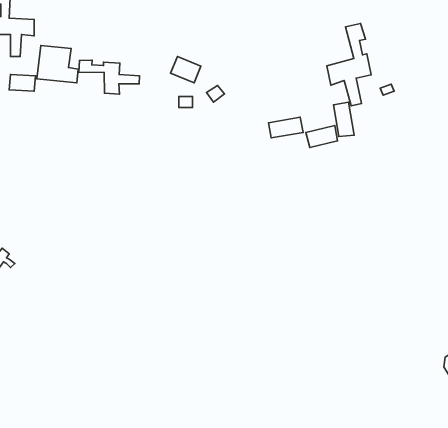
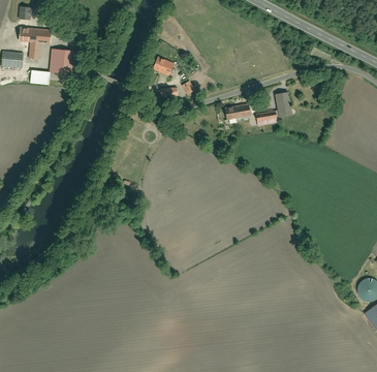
building: [327,24,371,106] -> none
building: [79,60,140,94] -> none

